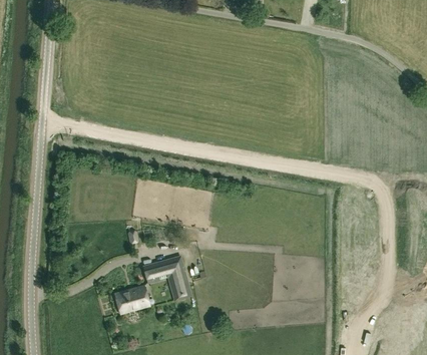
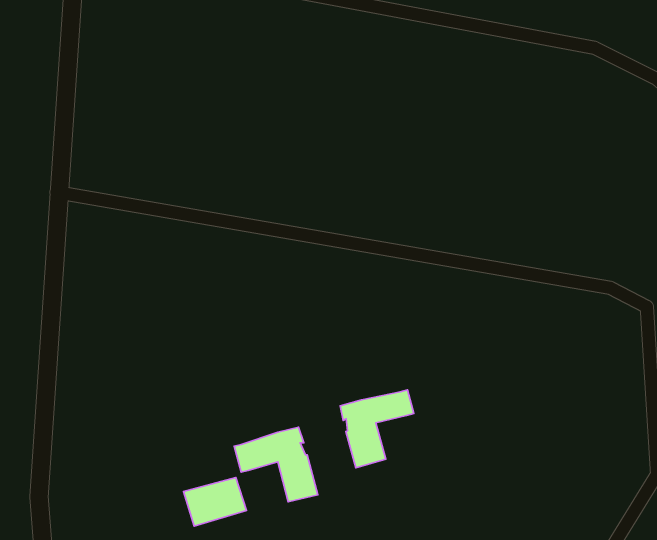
building: none -> [340,390,414,468]

